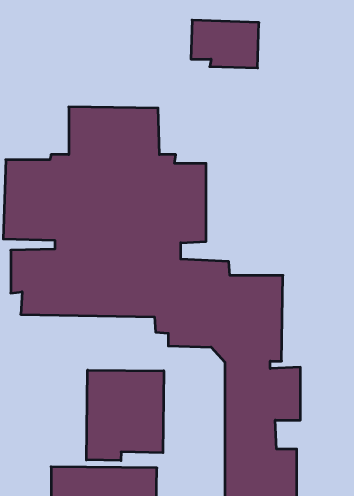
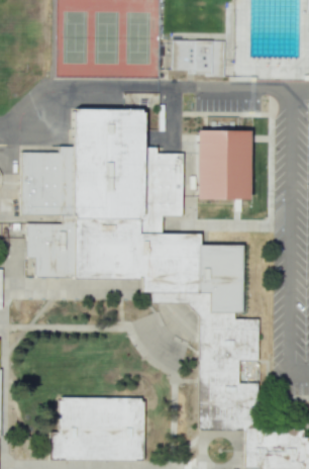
building: none -> [198,130,252,200]
building: [86,370,164,461] -> none

